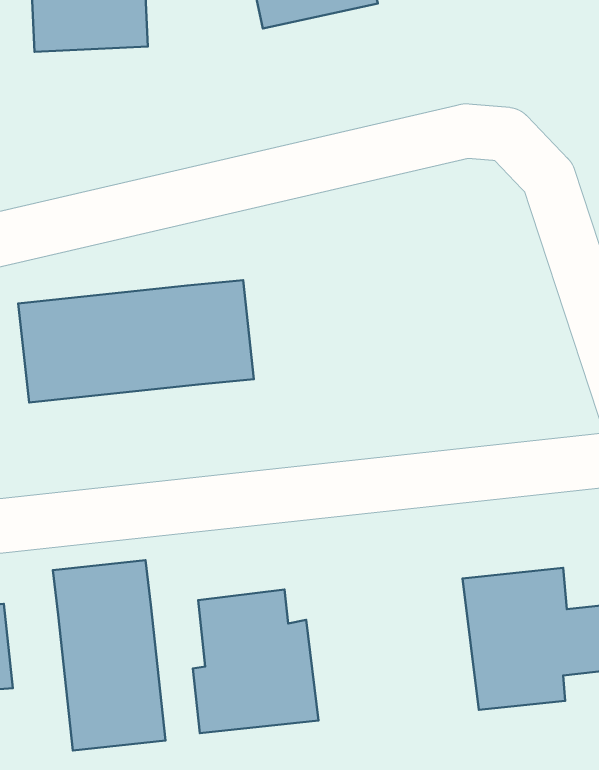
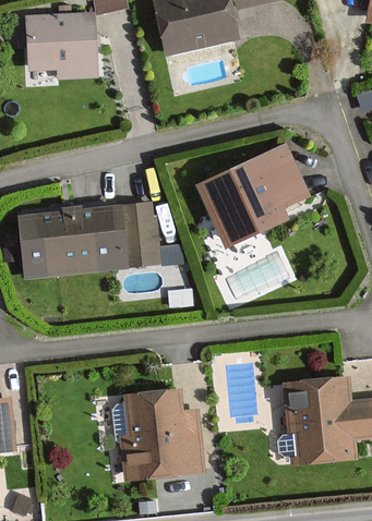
building: none -> [199,145,305,243]
building: [53,560,166,750] -> none

